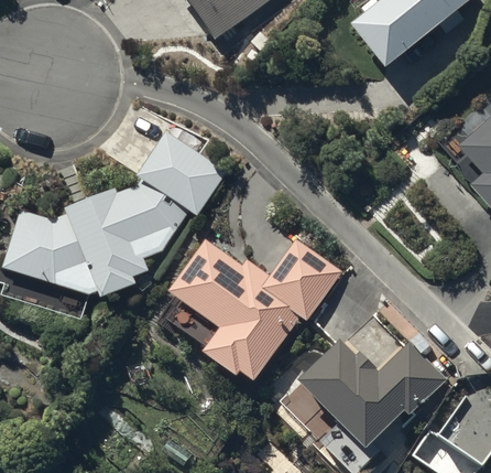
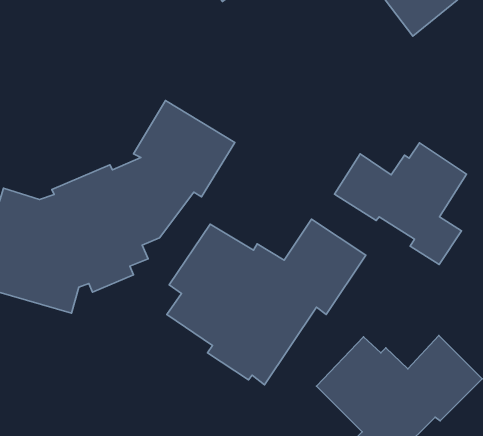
building: none -> [335,143,466,264]

